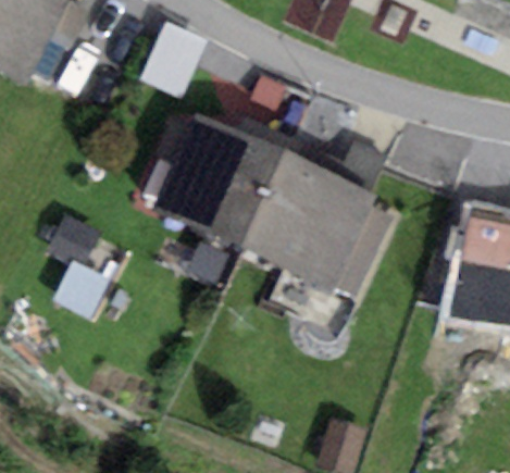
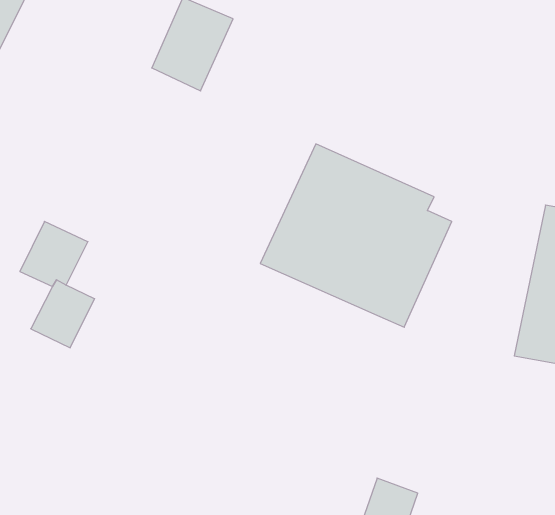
building: [141,111,283,246] -> none

